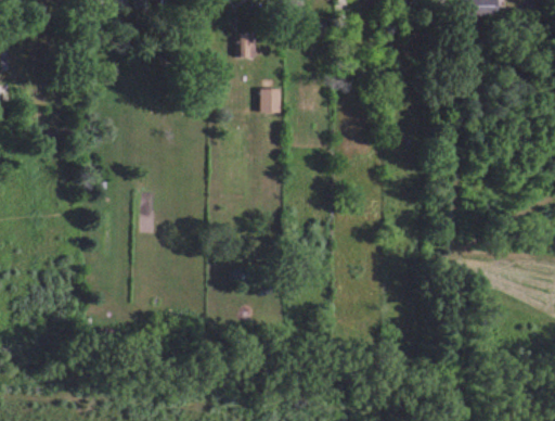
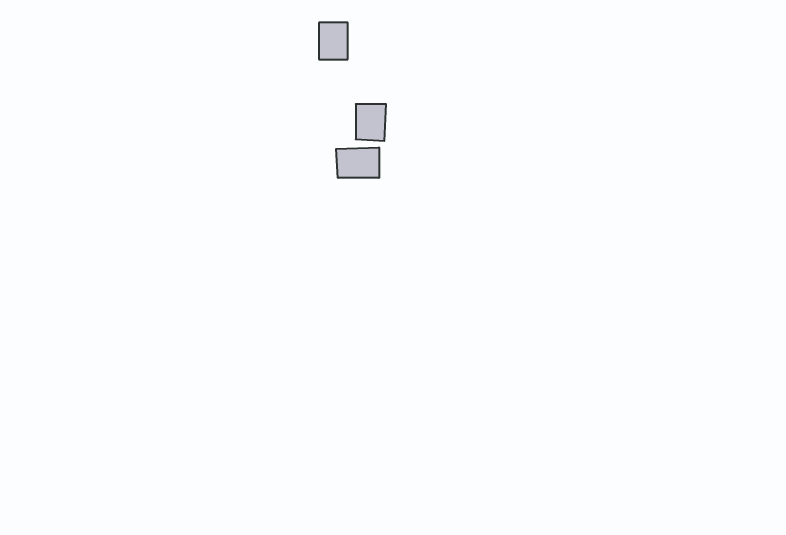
building: none -> [336,147,379,178]

